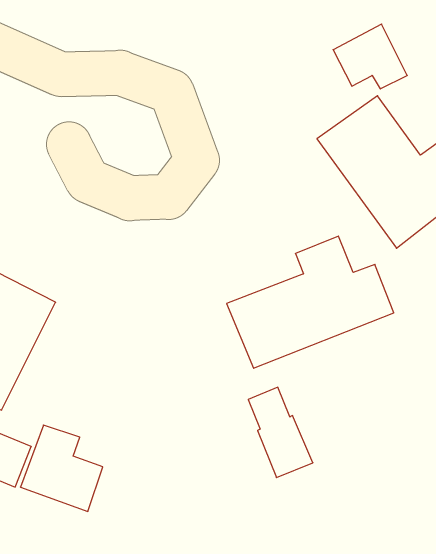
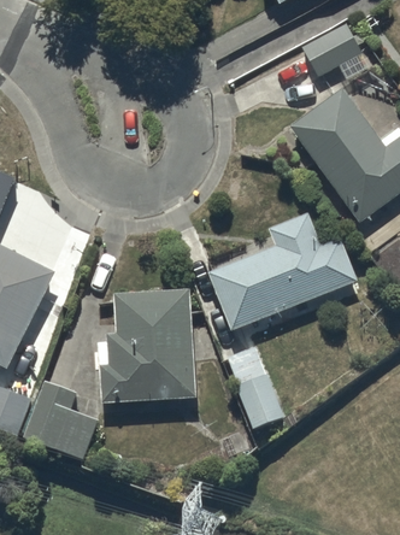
building: none -> [96,288,195,408]

